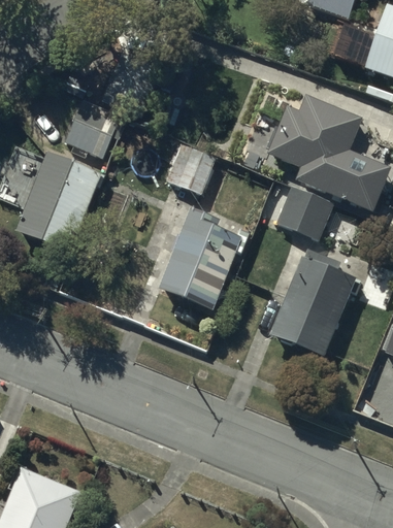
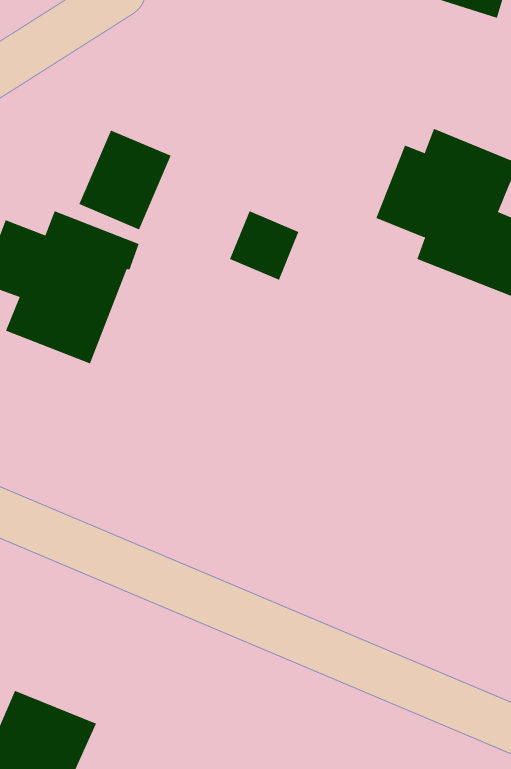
building: [274,185,334,241] -> none
building: [159,205,252,308] -> none
building: [269,256,353,354] -> none

